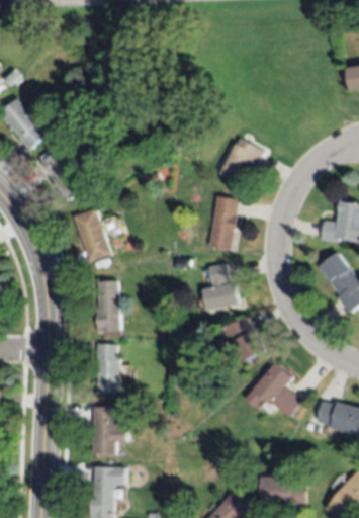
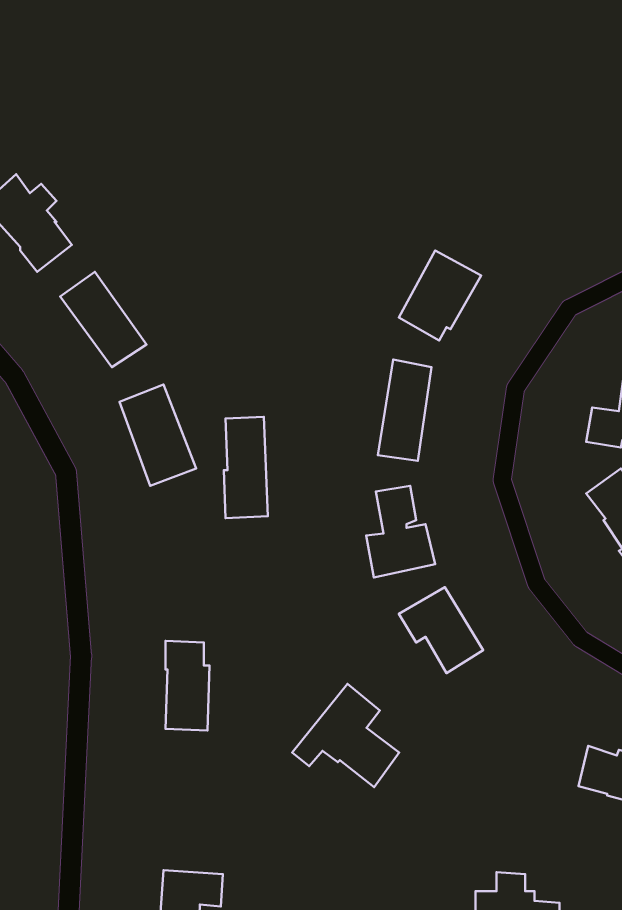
building: [96,280,119,334] -> [224,417,268,518]
building: [245,363,301,418] -> [292,684,399,787]
building: [92,408,126,454] -> none

